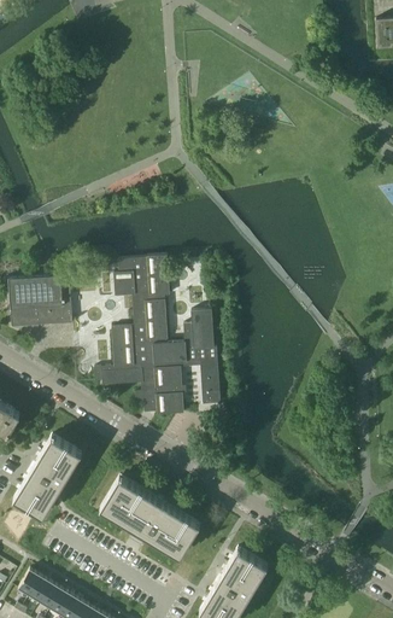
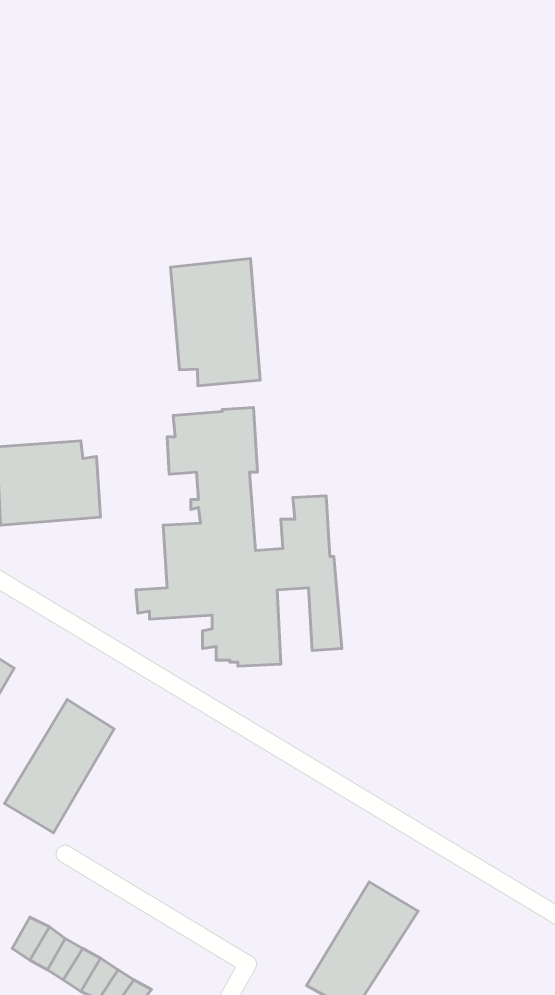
building: none -> [171,258,260,386]
building: [100,476,200,556] -> none

